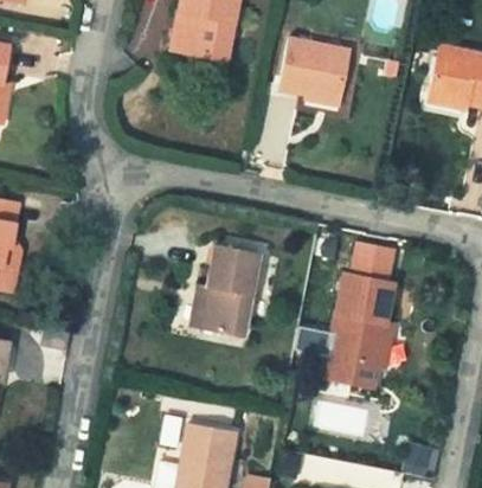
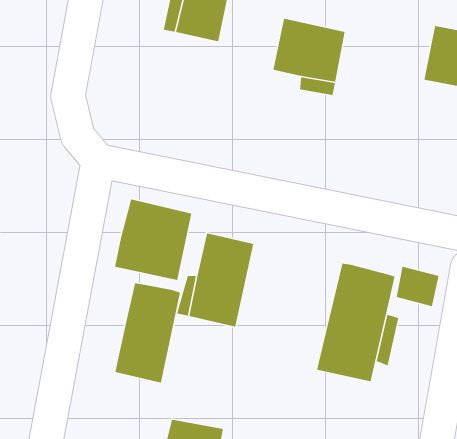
building: none -> [114,199,192,281]
building: [360,246,403,287] -> [396,266,440,307]
building: none -> [114,283,181,383]

